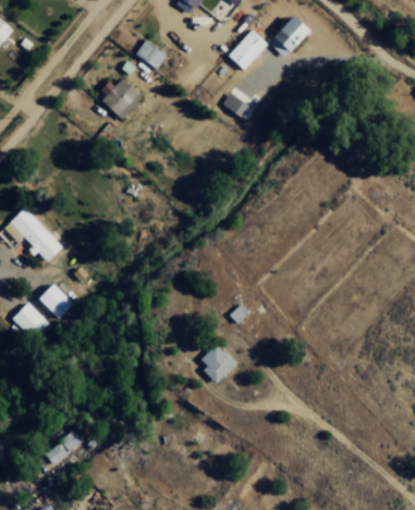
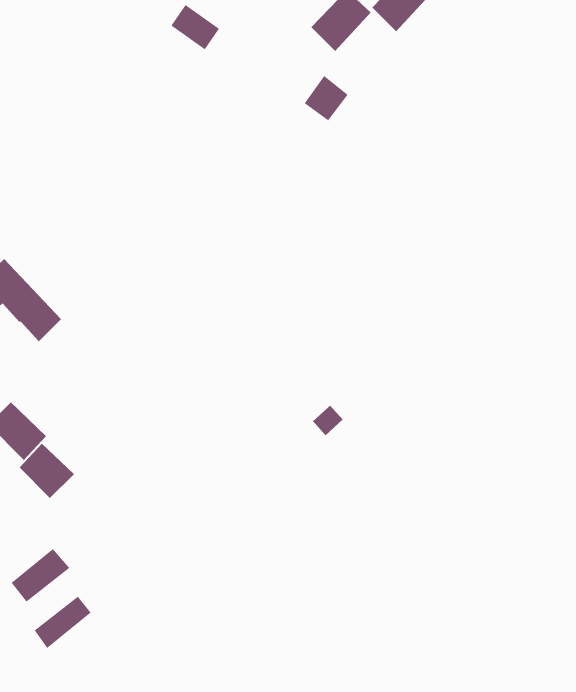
building: [96,78,143,119] -> none
building: [39,282,76,319] -> [19,443,75,499]
building: [197,344,235,381] -> none
building: none -> [11,548,70,603]

